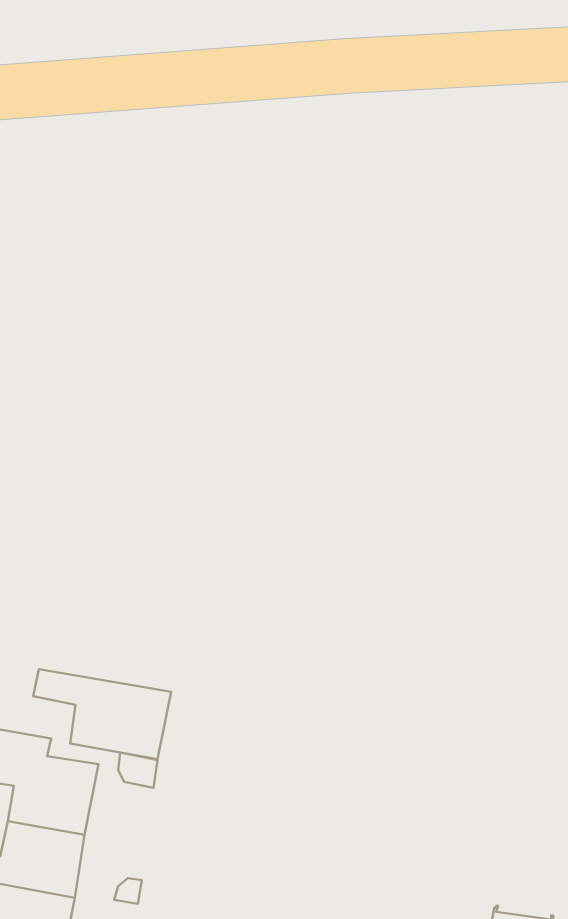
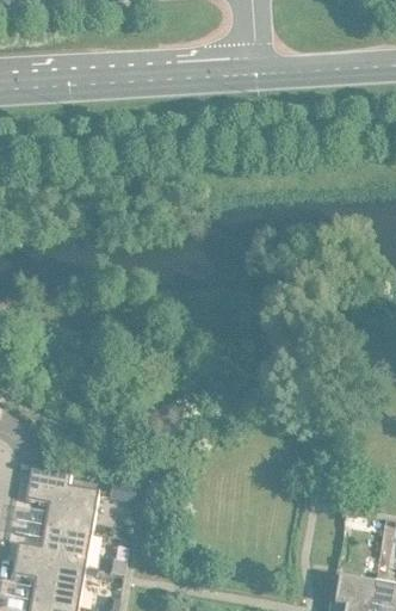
building: [33,669,171,759] -> none

